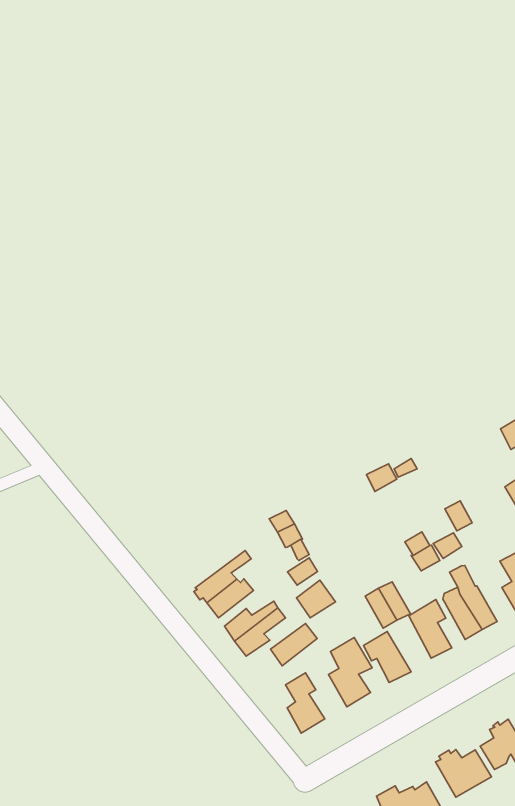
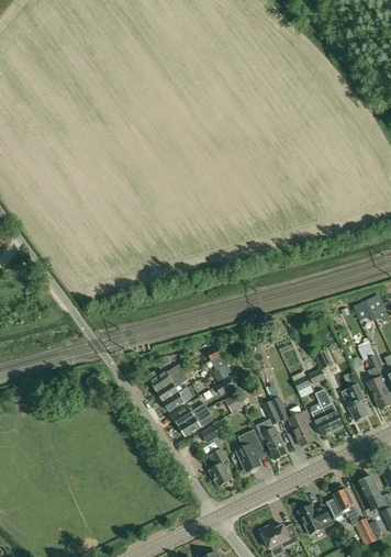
building: none -> [149,364,190,391]

